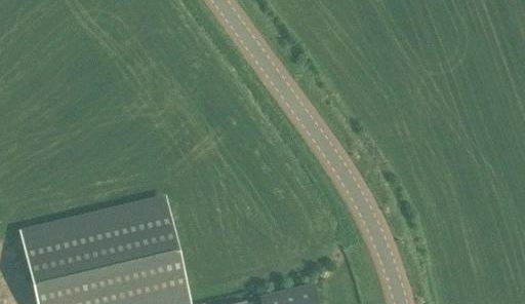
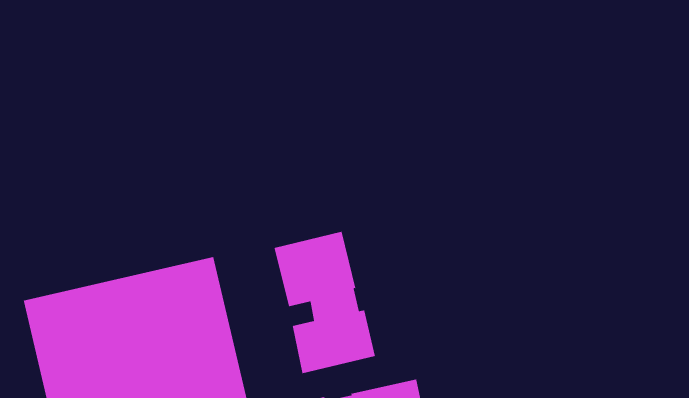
building: none -> [274,231,376,374]

